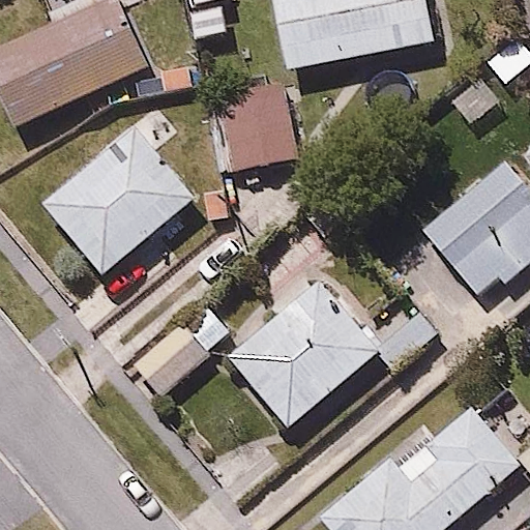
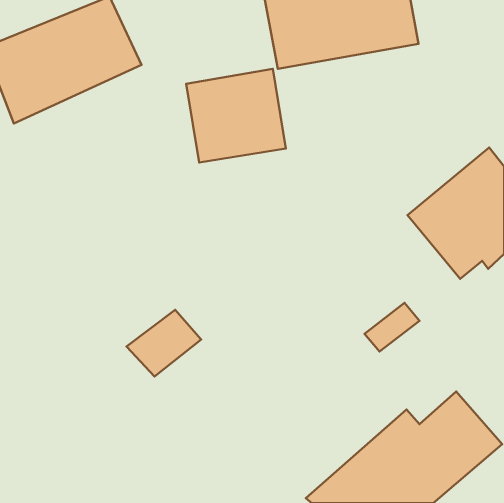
building: [42,128,196,277] -> none
building: [226,282,378,430] -> none

